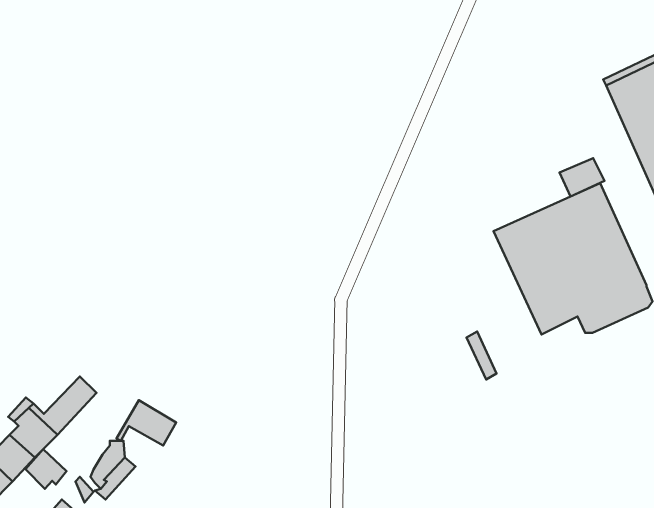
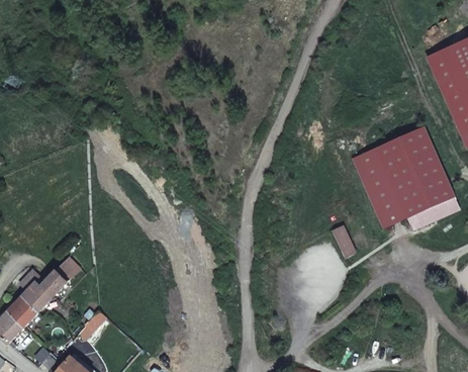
building: [560,158,605,196] -> none
building: [116,400,176,446] -> none
building: [25,449,67,489] -> none

